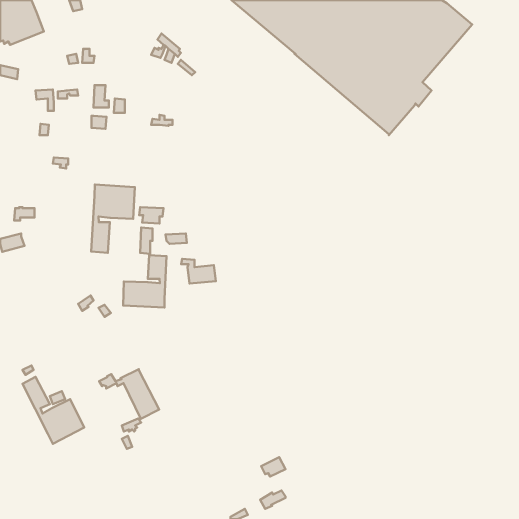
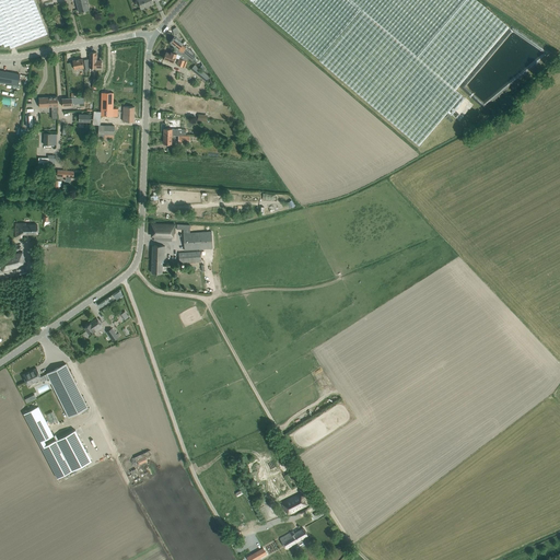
building: [91,185,135,253] -> none
building: [123,255,166,307] -> none
building: [181,259,216,283] -> [176,224,213,250]
building: [99,369,159,419] -> [23,363,88,417]

